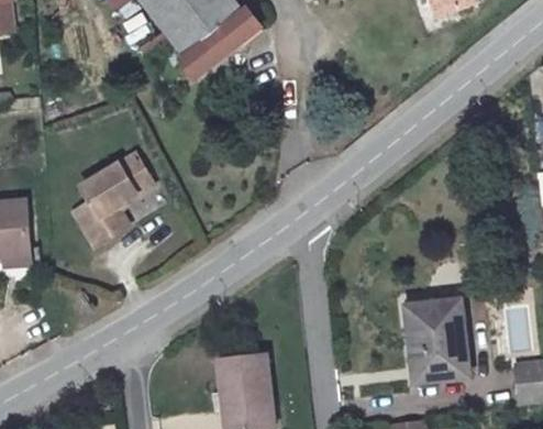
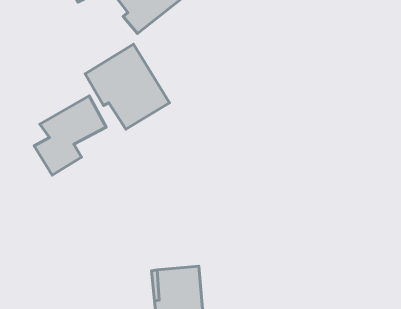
building: none -> [85,44,169,129]
building: [408,299,466,382] -> none

